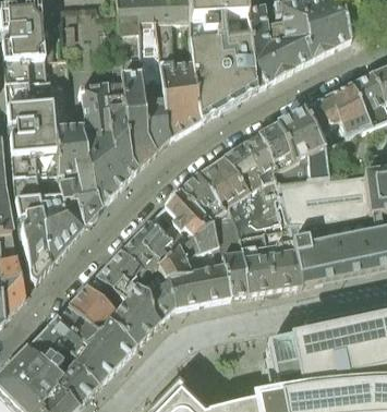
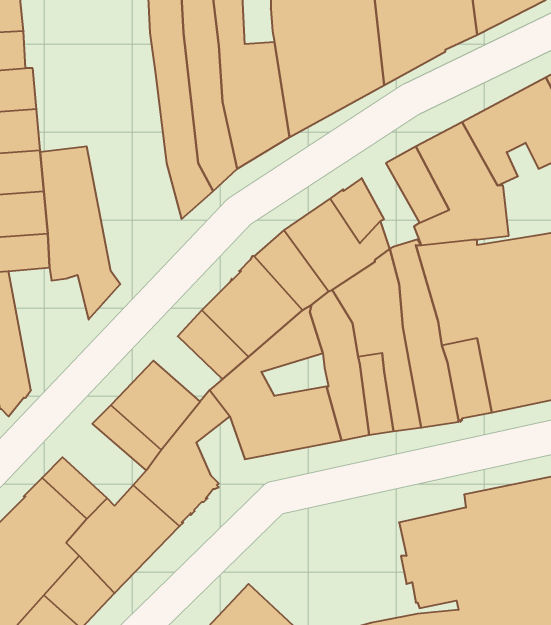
building: [81,82,137,205] -> none
building: [243,134,277,184] -> none
building: [36,195,83,267] -> none
building: [121,235,161,274] -> none
building: [146,282,174,322] -> none
building: [68,287,117,335] -> none

